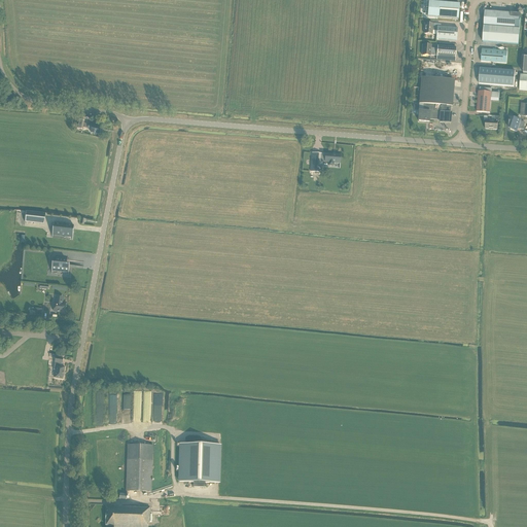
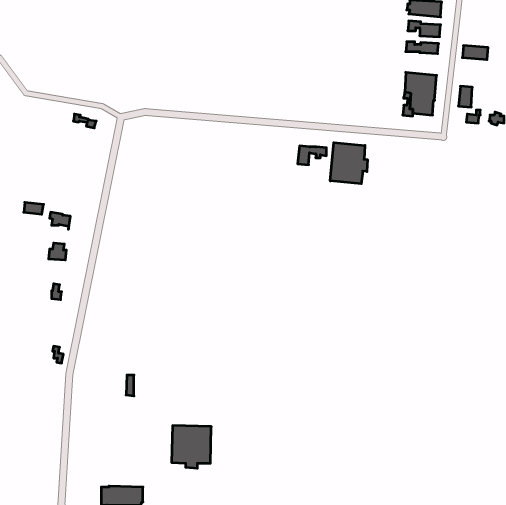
building: [482,9,520,42] -> none
building: [478,67,514,84] -> none
building: none -> [330,143,367,184]
building: [125,443,151,490] -> none

